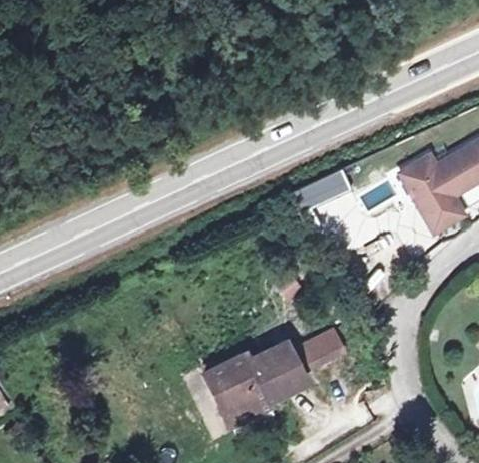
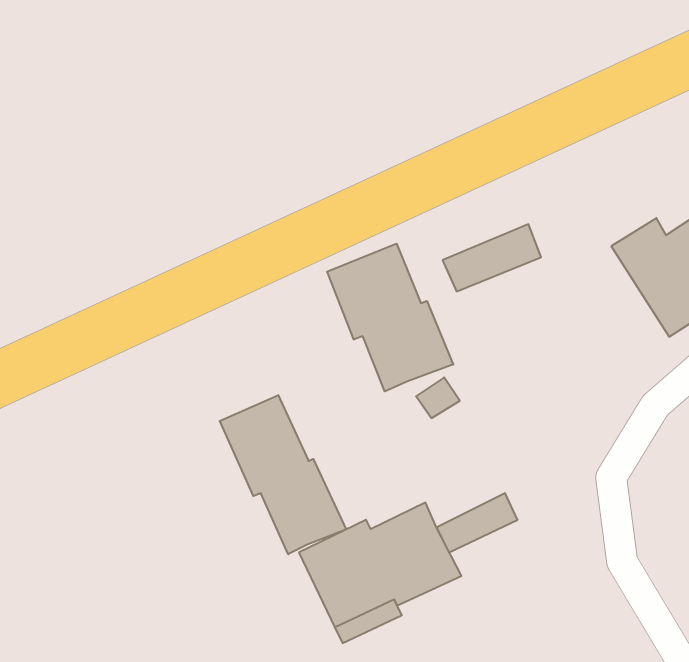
building: none -> [327,244,453,391]
building: none -> [220,395,346,554]

